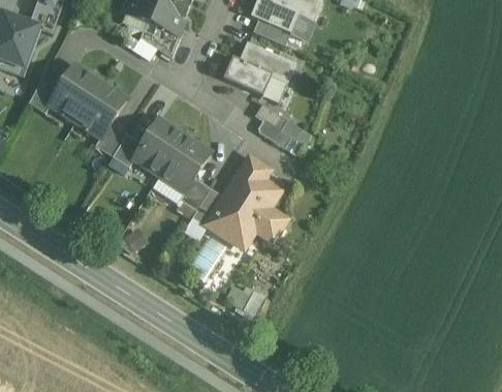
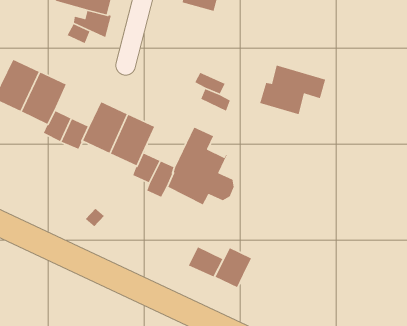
building: [224,41,295,96] -> [259,64,326,115]
building: none -> [215,247,252,288]

